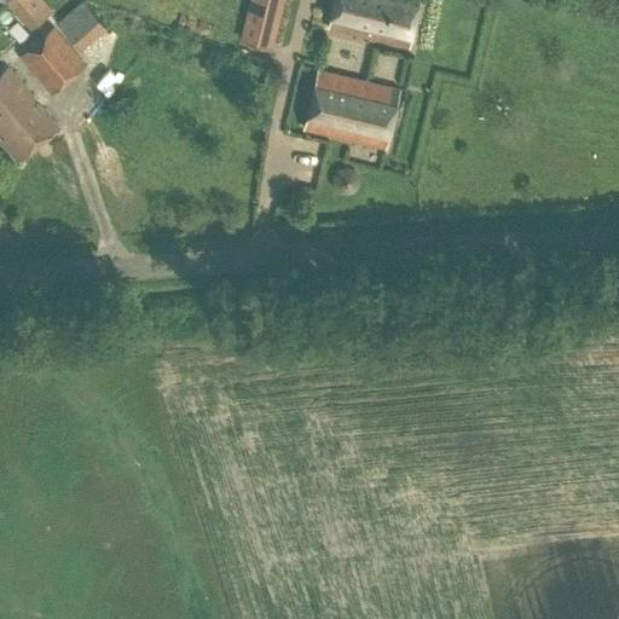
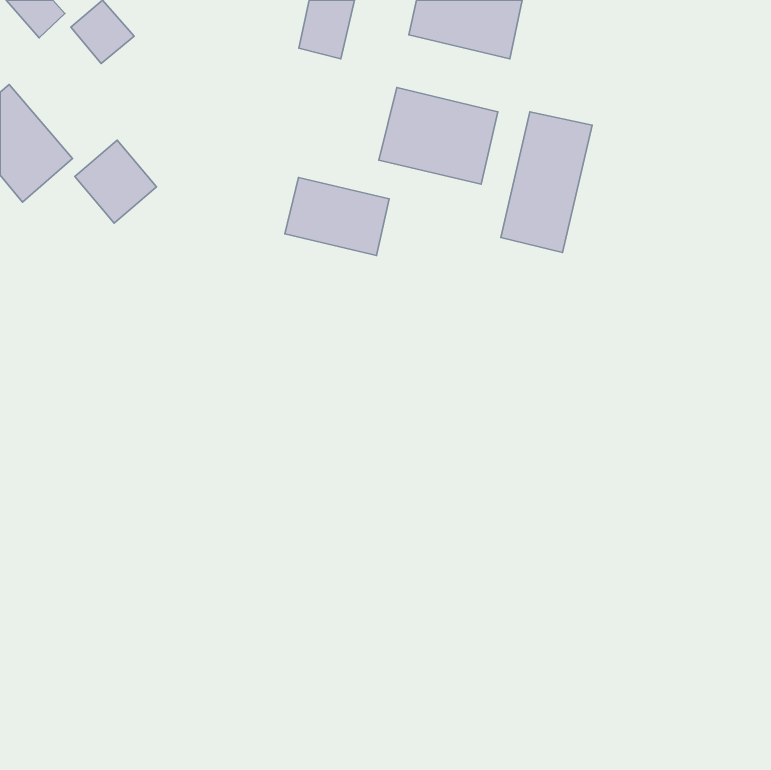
building: [19,28,85,94] -> [75,140,156,223]
building: none -> [501,112,592,252]
building: none -> [285,178,389,256]

